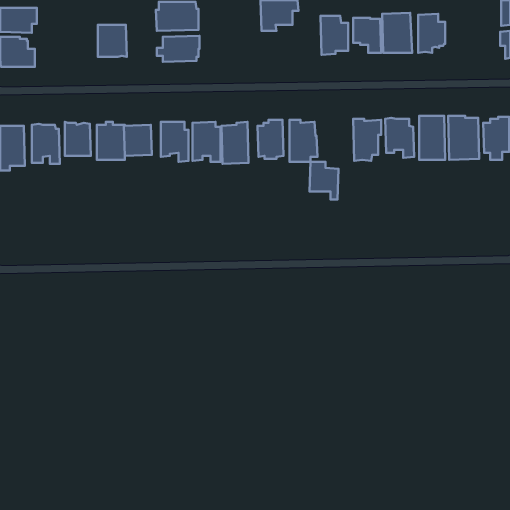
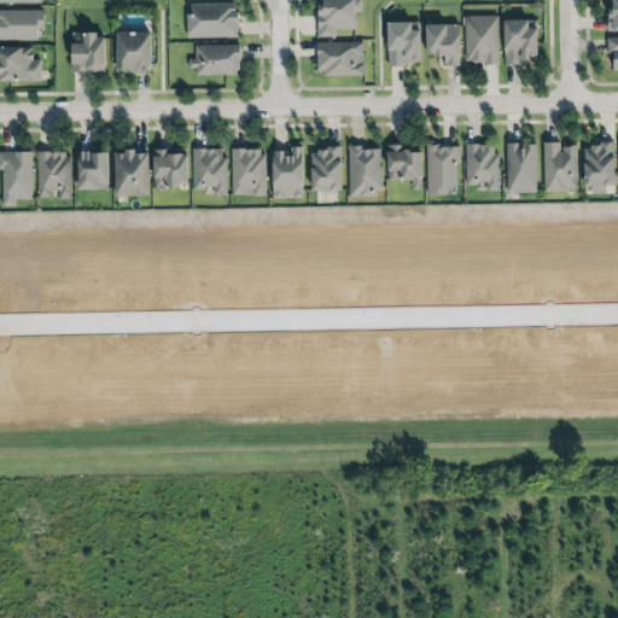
building: none -> [72,30,106,71]
building: none -> [317,40,366,75]
building: [309,162,338,200] -> [384,145,419,191]

